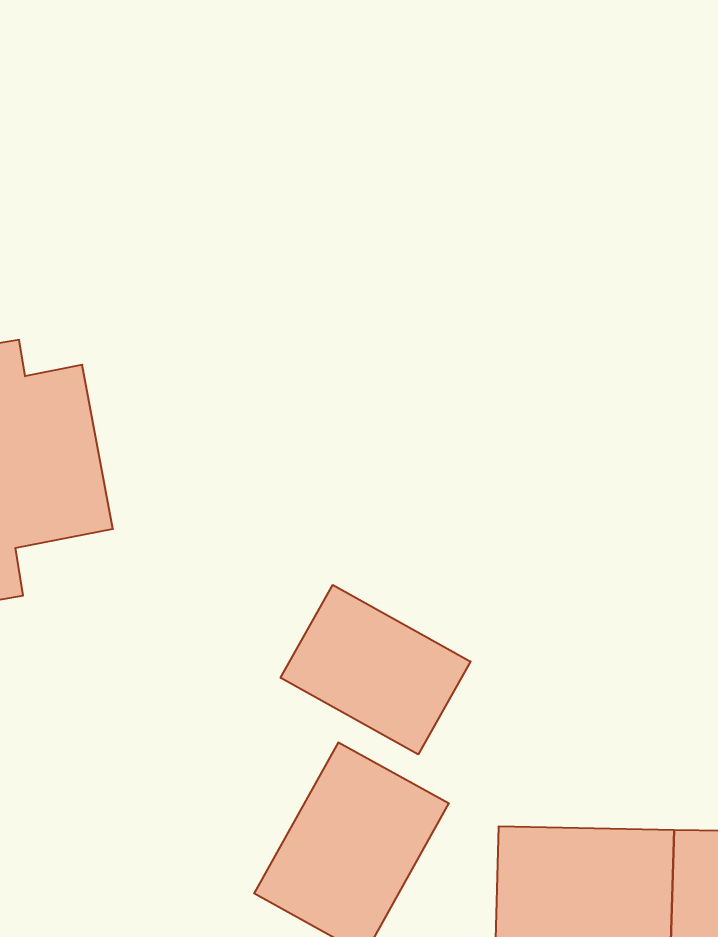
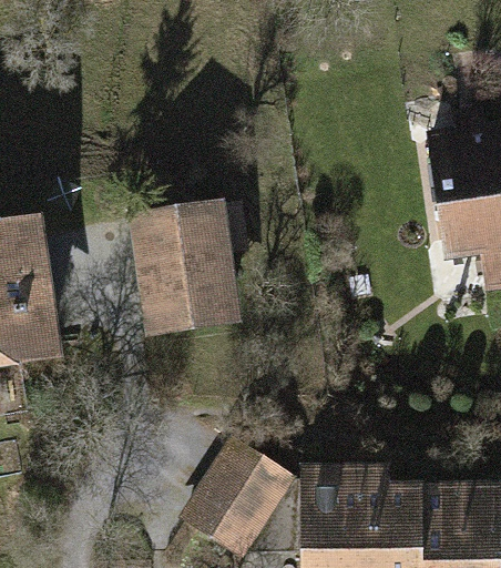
building: none -> [136,201,241,327]
building: [281,585,471,754] -> none

